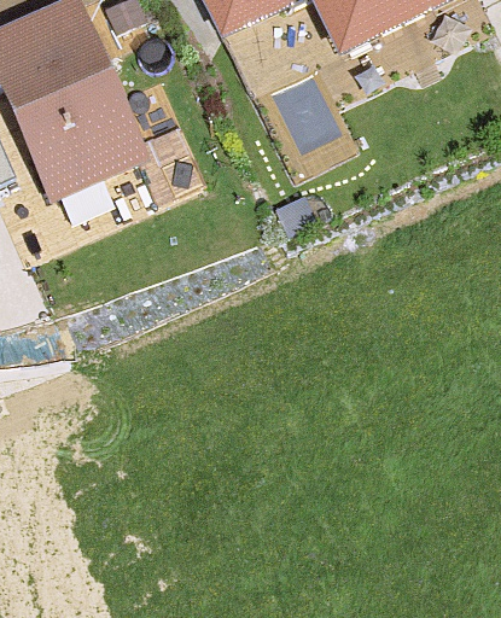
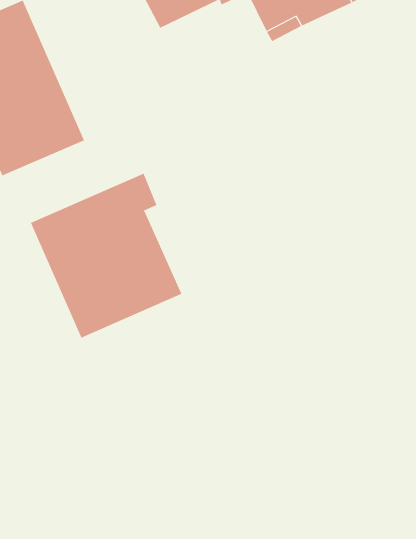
building: none -> [30,173,182,339]

